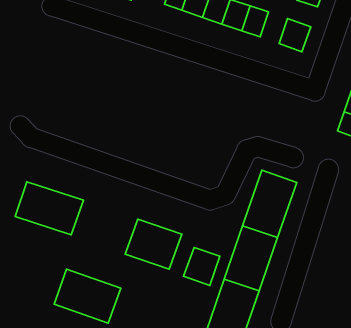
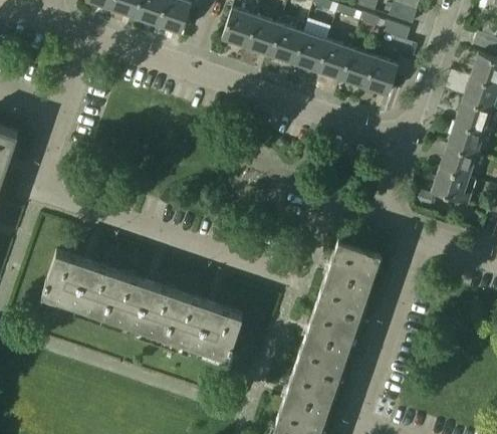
building: none -> [337,47,370,85]
building: [183,248,220,286] -> none
building: [54,269,121,323] -> [109,274,190,340]

